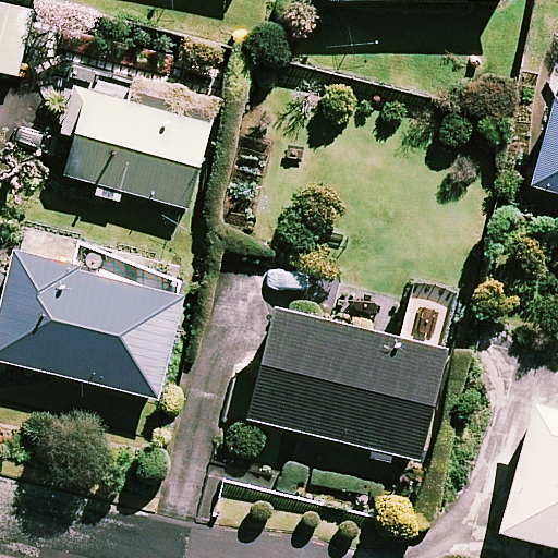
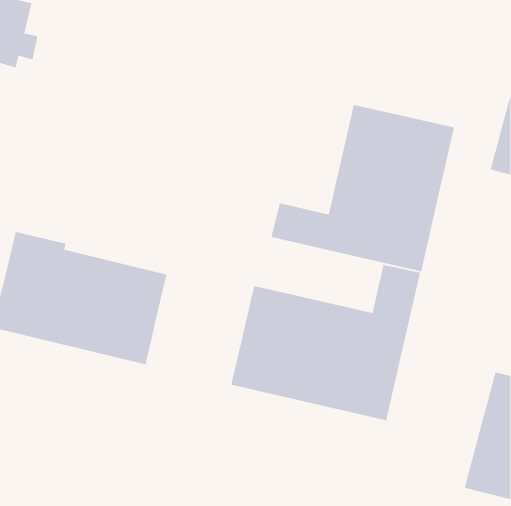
building: [62,82,211,205] -> none
building: none -> [271,104,455,272]

